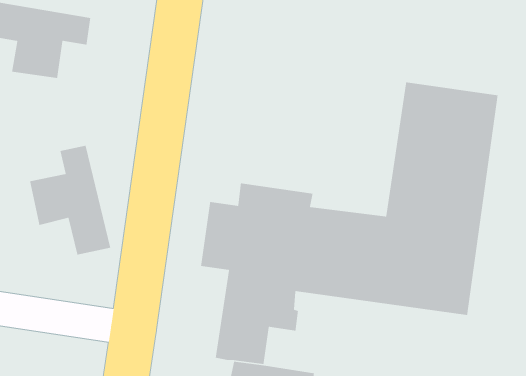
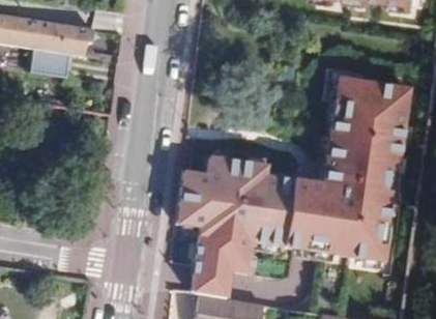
building: [29,145,111,256] -> none

